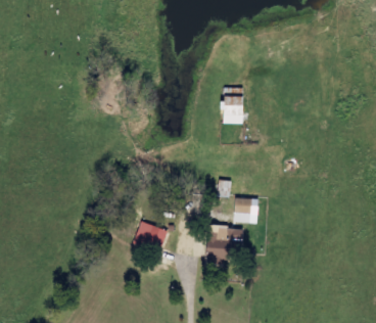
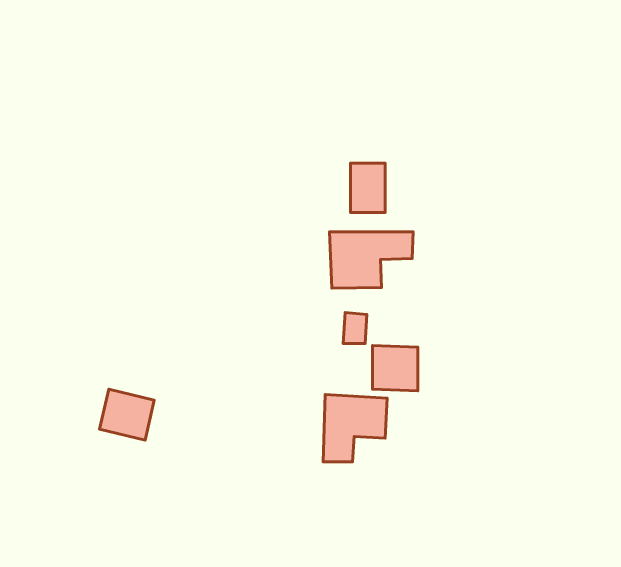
building: none -> [329,232,413,288]
building: [136,222,167,250] -> [100,389,154,440]

